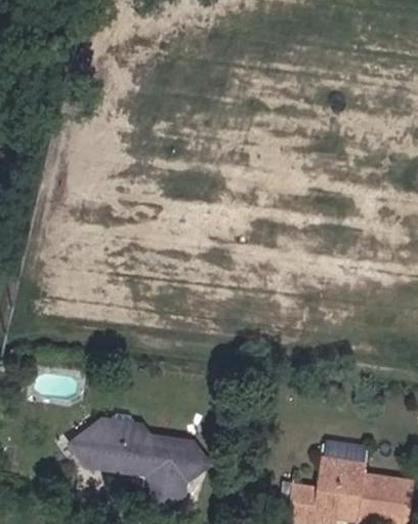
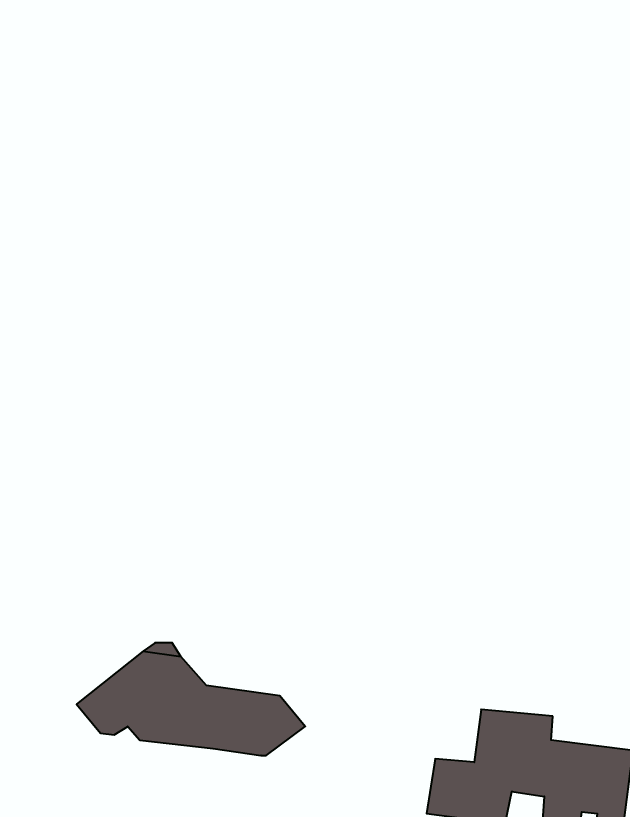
building: [156,477,186,514] -> none

